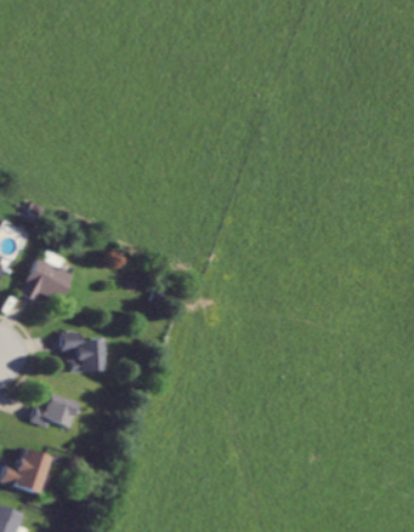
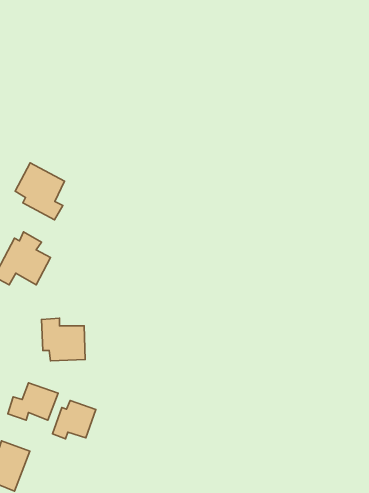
building: none -> [15,163,64,220]
building: none -> [53,401,96,439]

